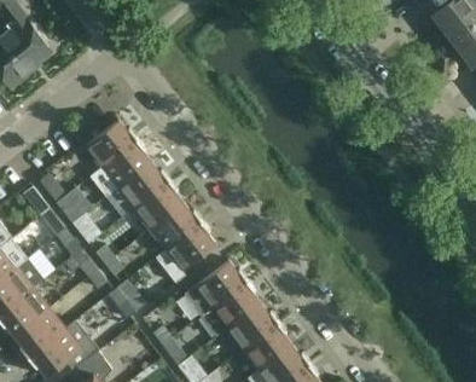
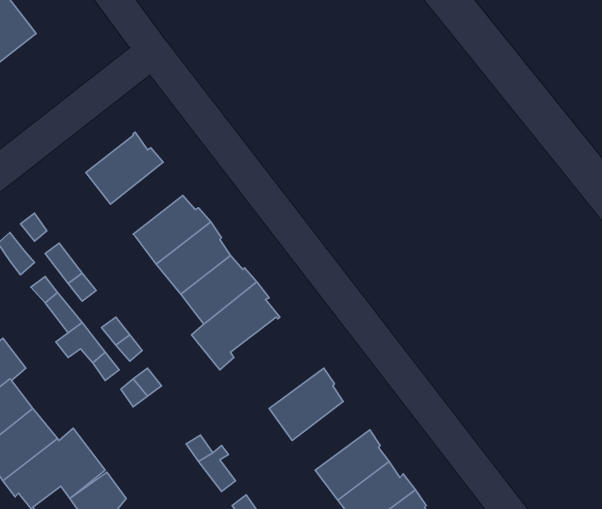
building: [91,139,151,198] -> none
building: [185,260,248,316] -> none
building: [226,303,279,351] -> none

